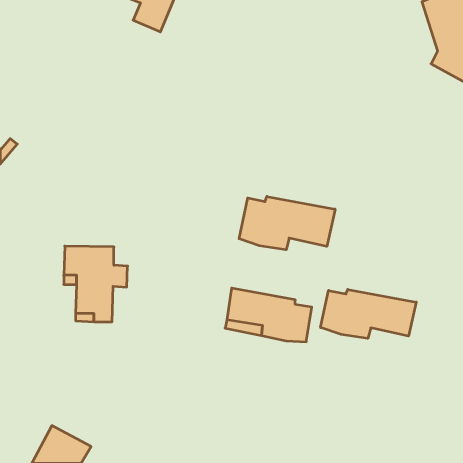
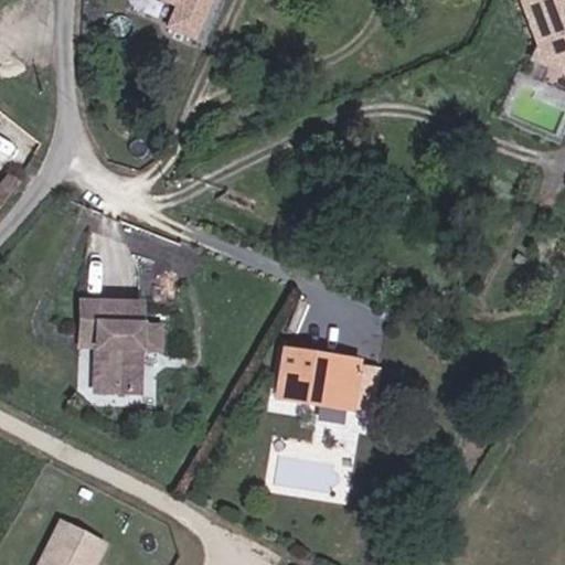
building: [239,196,335,250] -> none
building: [321,289,416,338] -> none

